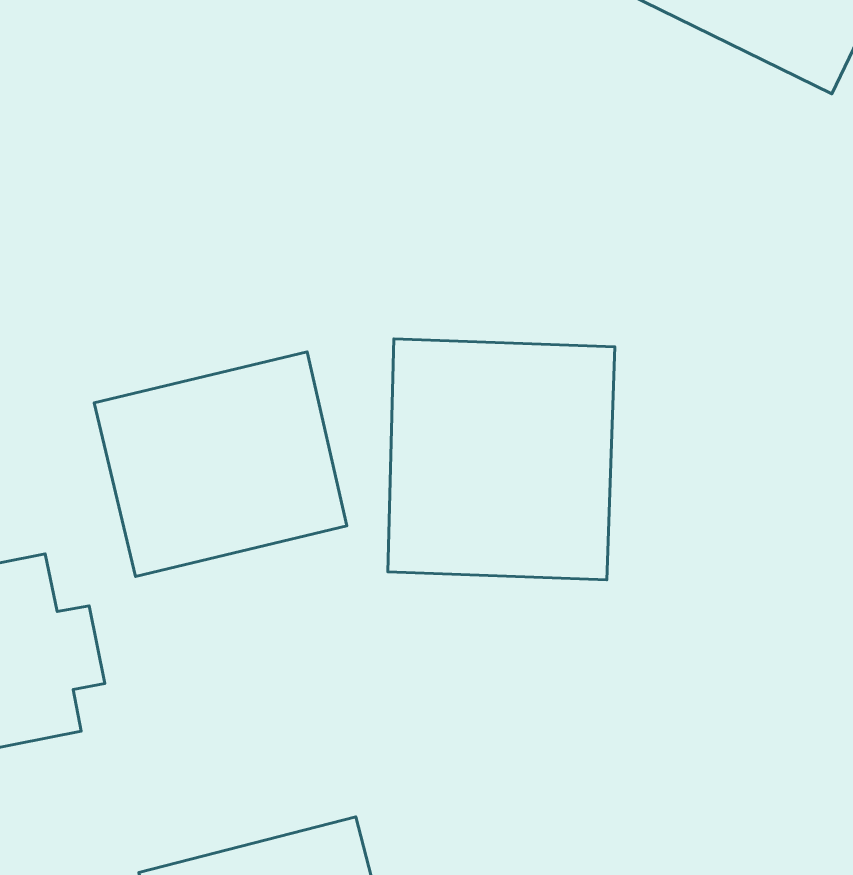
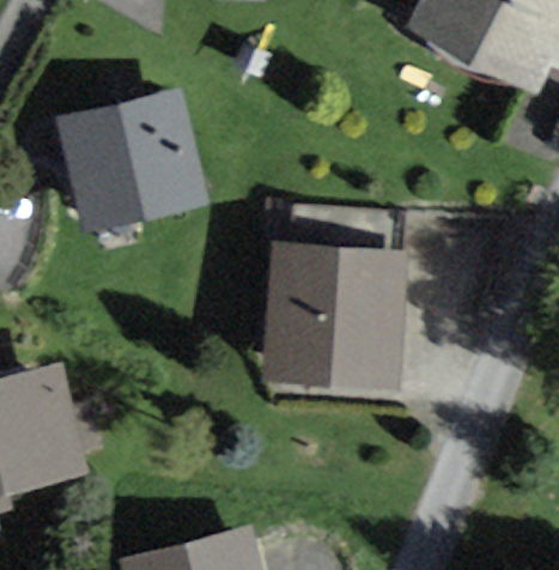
building: none -> [57,85,211,232]
building: [94,352,347,576] -> none

